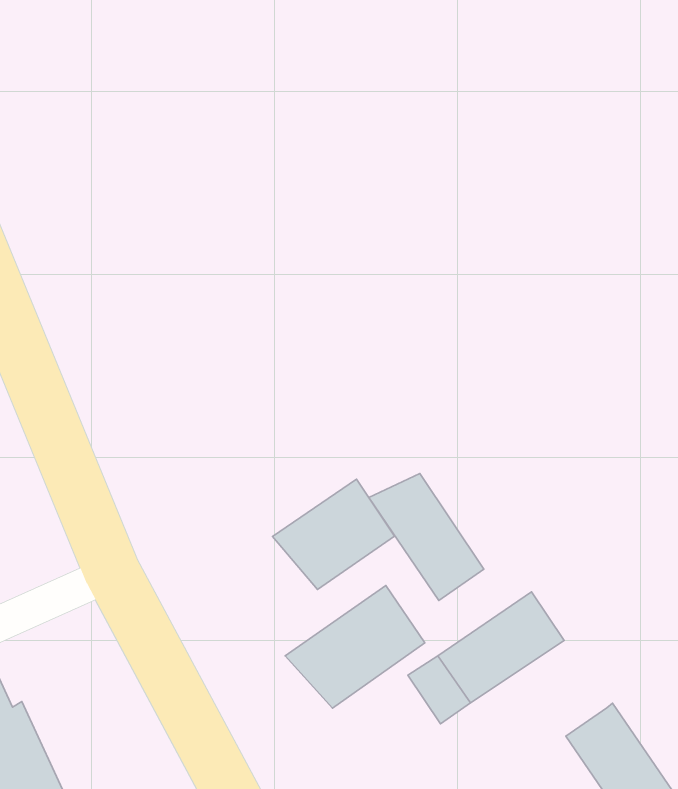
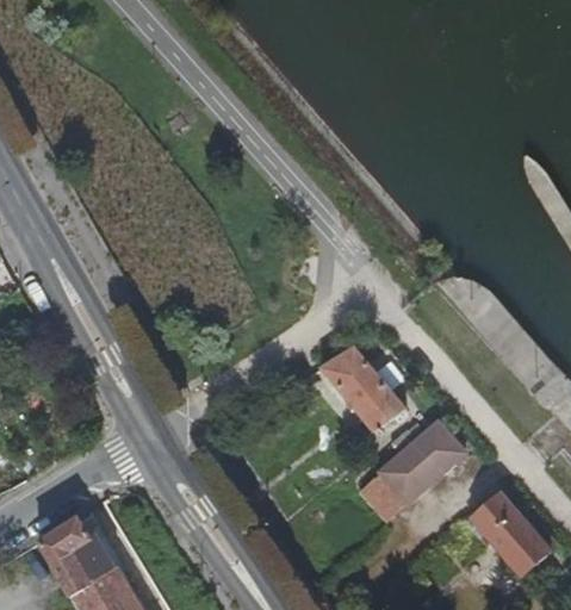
building: [272,479,395,590] -> none
building: [285,586,425,708] -> none

